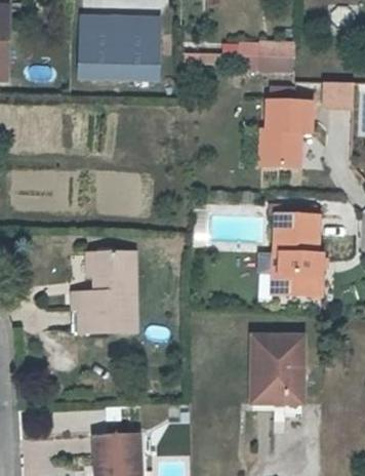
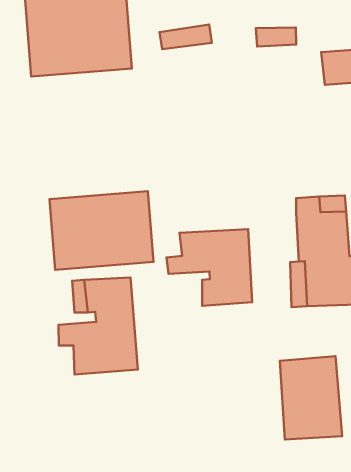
building: [257,105,311,170] -> none
building: none -> [49,191,153,270]
building: none -> [166,229,252,306]

